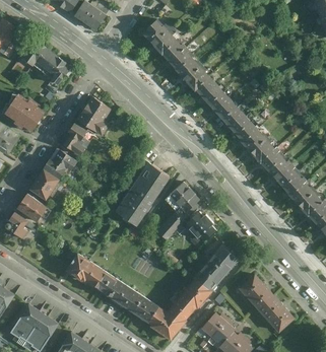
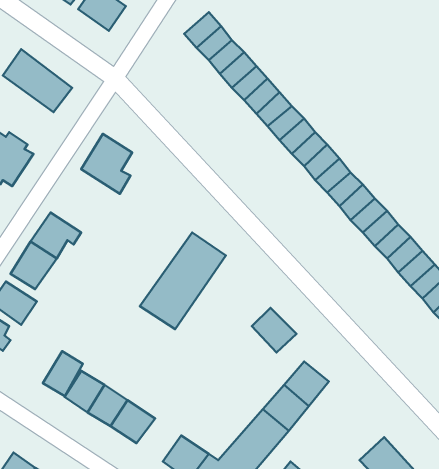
building: [60,123,85,155] -> none
building: [154,182,202,239] -> none
building: none -> [43,351,83,396]
building: [240,274,275,311] -> none
building: [112,284,141,312] -> none

